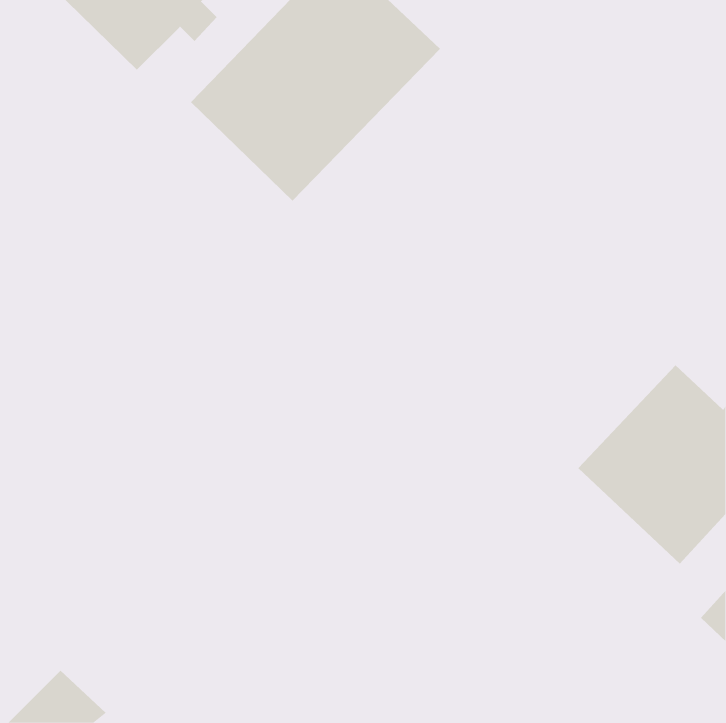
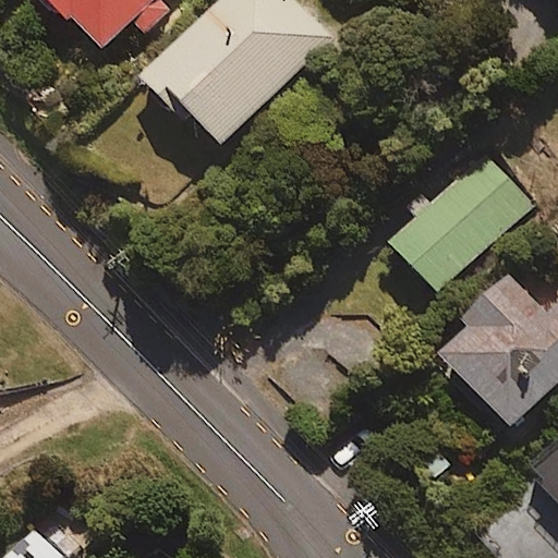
building: none -> [388,147,526,289]

